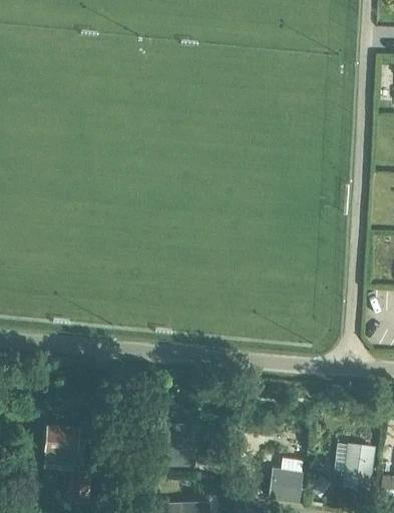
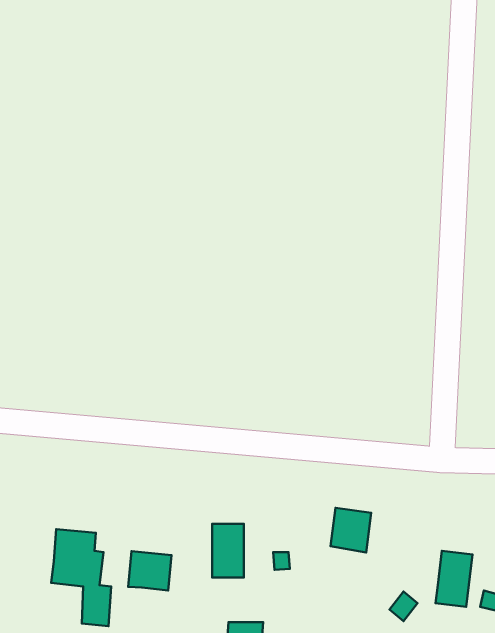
building: none -> [128,551,172,591]
building: [268,467,300,502] -> [330,508,371,552]

